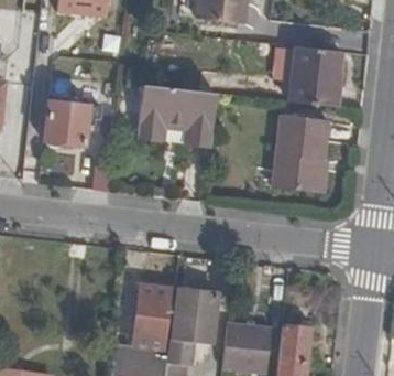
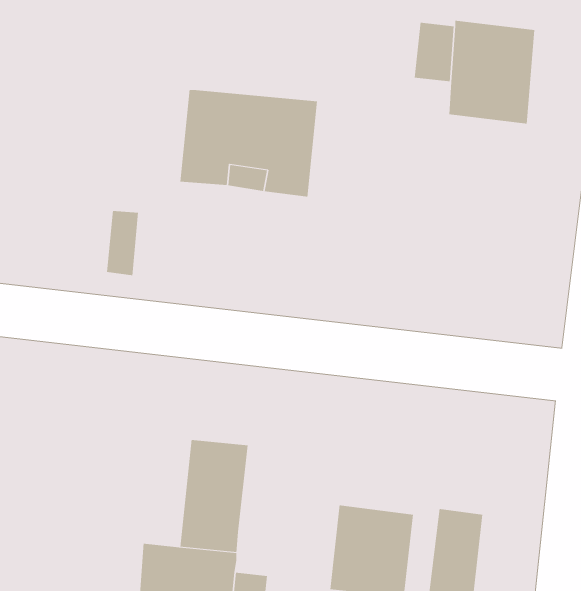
building: [47,104,105,144] -> none
building: [277,114,332,190] -> none
building: [169,286,219,356] -> none

